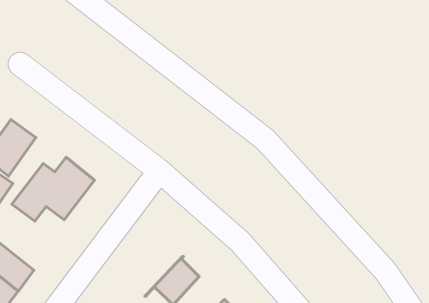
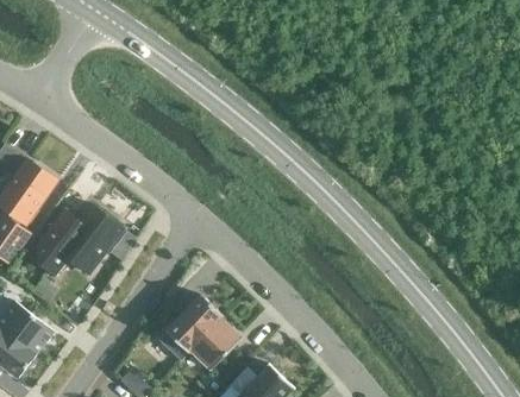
building: none -> [156,295,220,361]

